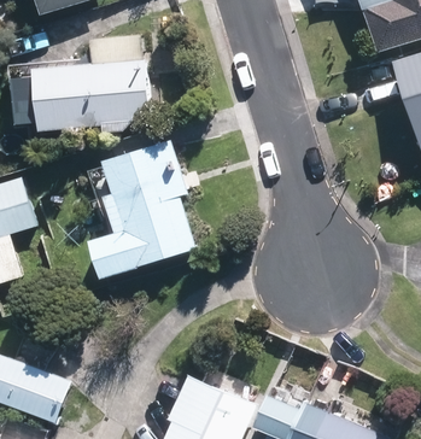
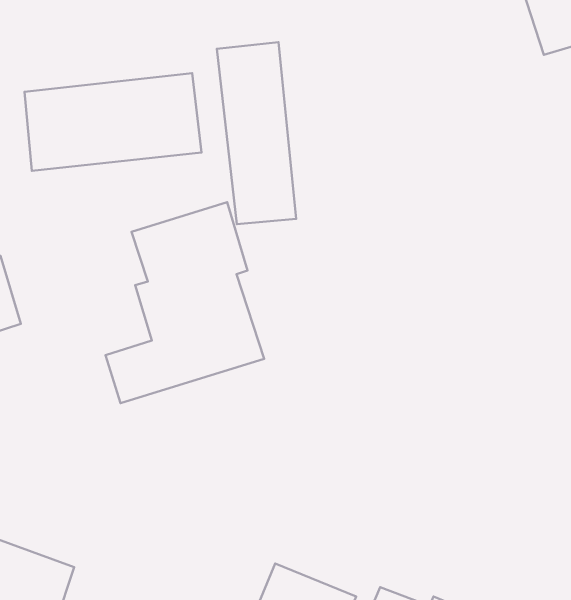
building: none -> [217,42,296,224]

